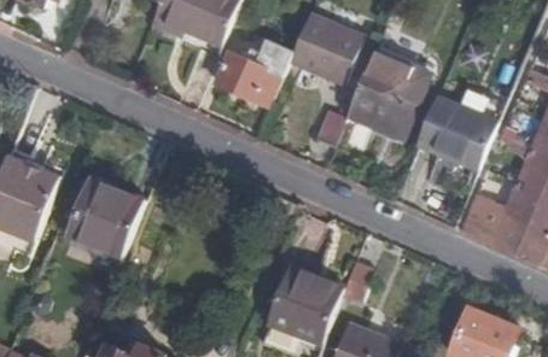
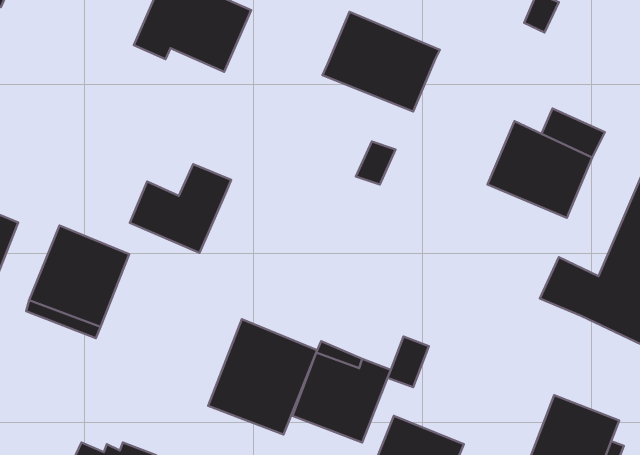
building: [216,41,293,109] -> [130,164,231,253]
building: [351,49,430,136] -> none
building: none -> [208,319,317,435]

